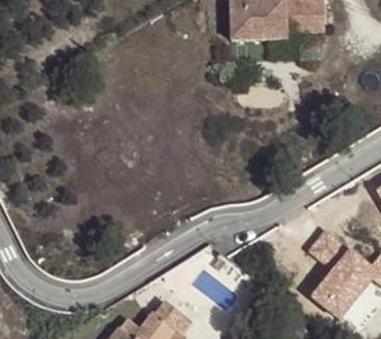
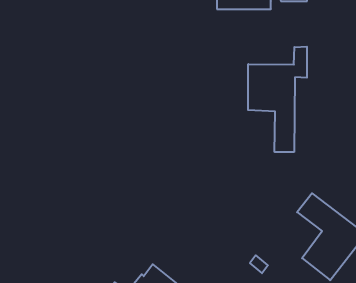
building: none -> [248,47,307,152]

